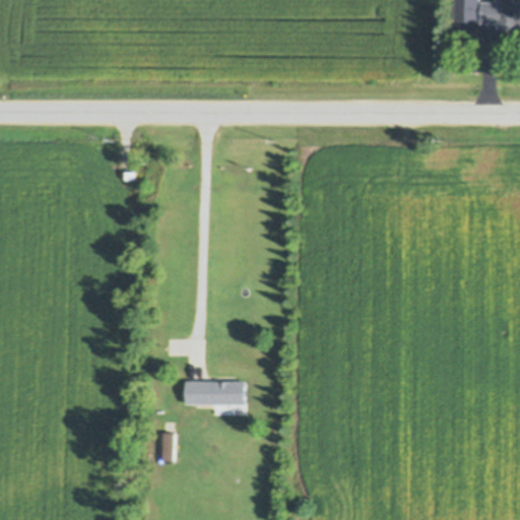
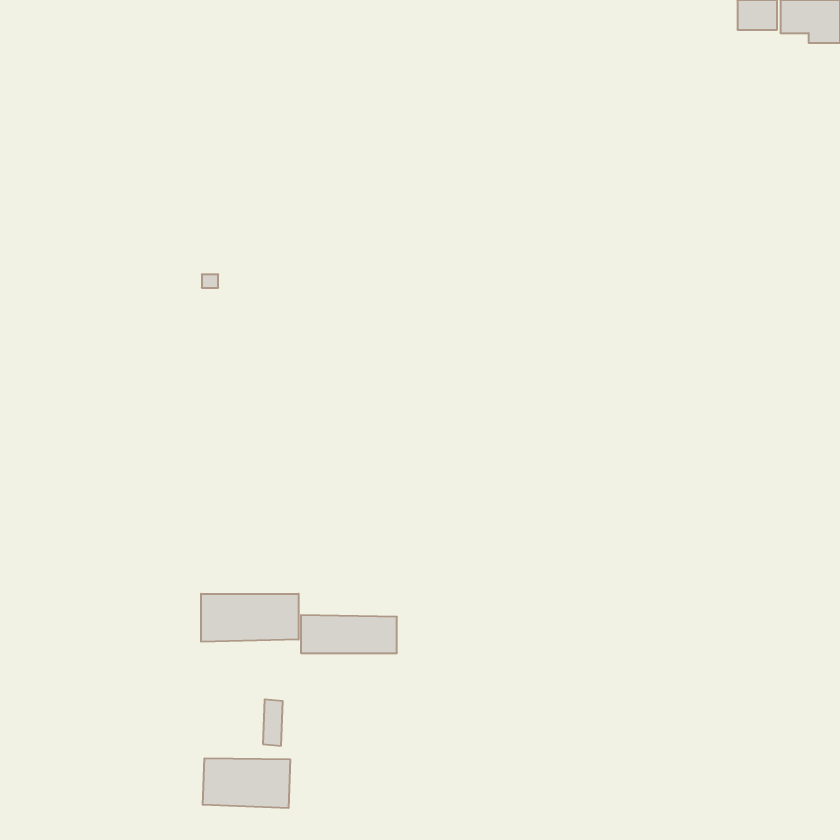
building: none -> [201,594,299,642]
building: none -> [203,758,290,808]

